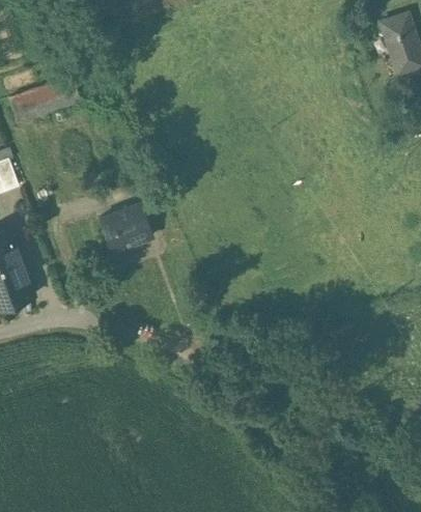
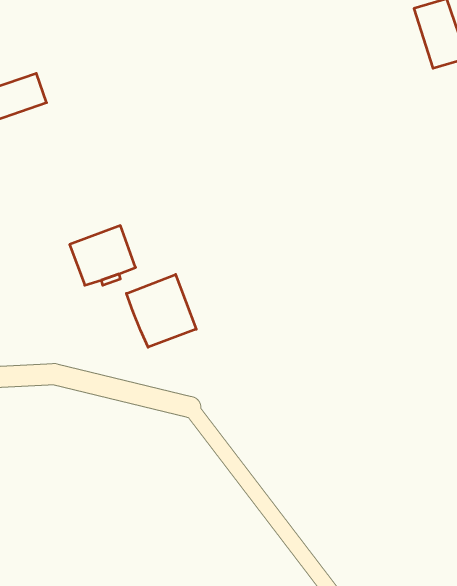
building: none -> [126,274,196,347]

